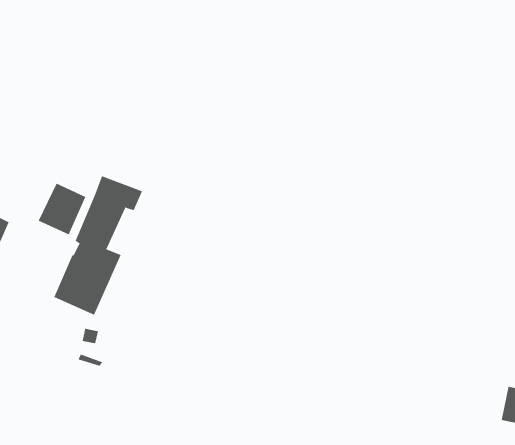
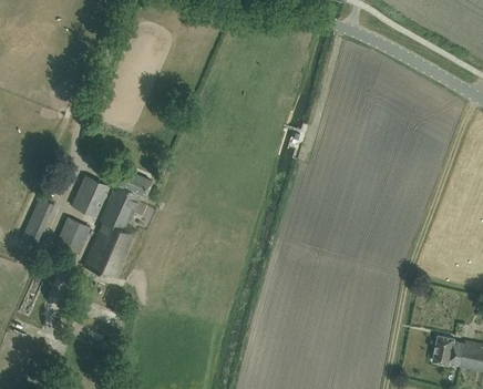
building: none -> [55,217,90,254]

